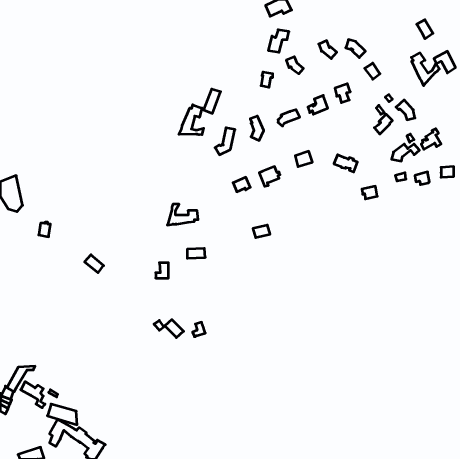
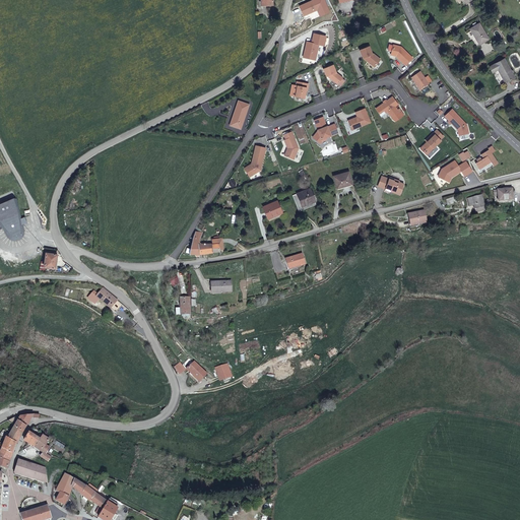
building: [411,53,439,86] -> none
building: [179,105,204,135] -> none
building: [47,404,77,425] -> [13,458,47,481]

